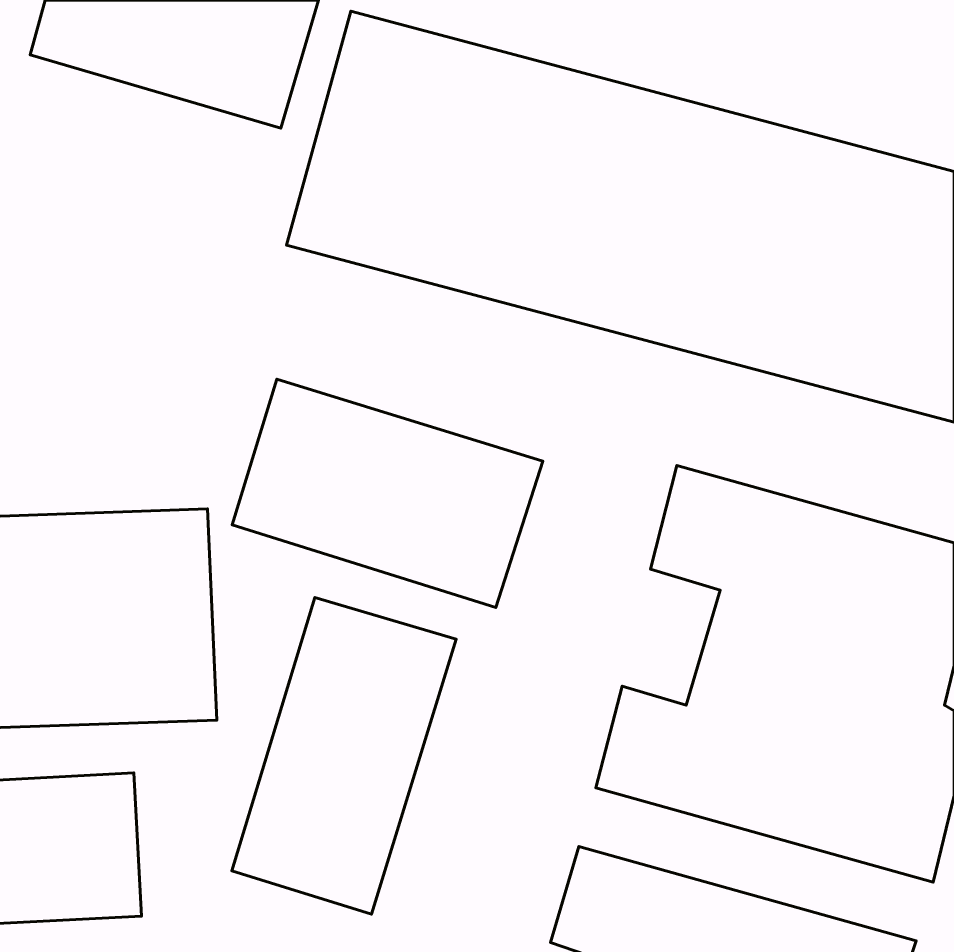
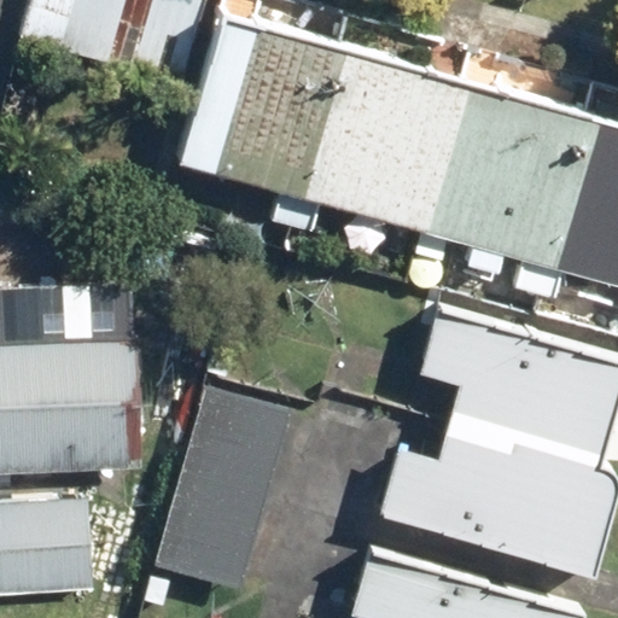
building: [232,379,543,608] -> none

